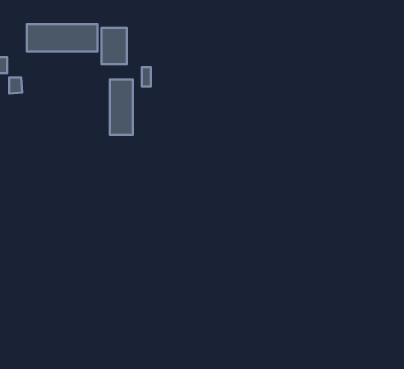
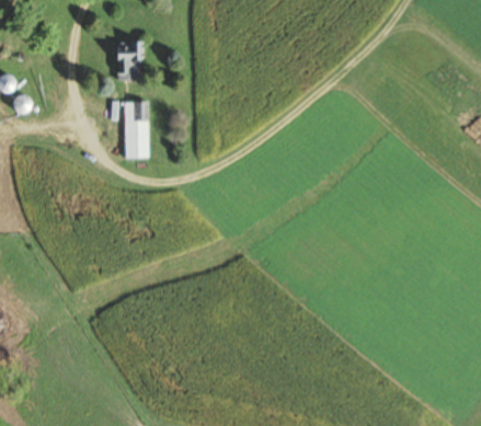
building: [27,24,97,51] -> none

